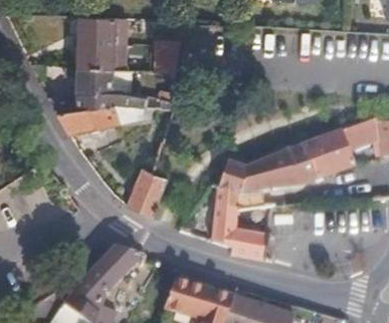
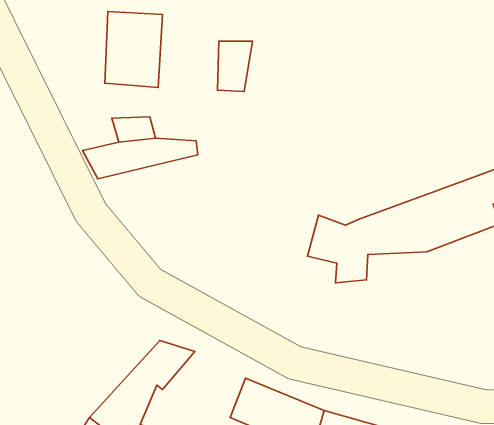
building: [74,64,114,90] -> none
building: [131,170,169,216] -> none
building: [211,188,271,263] -> none

